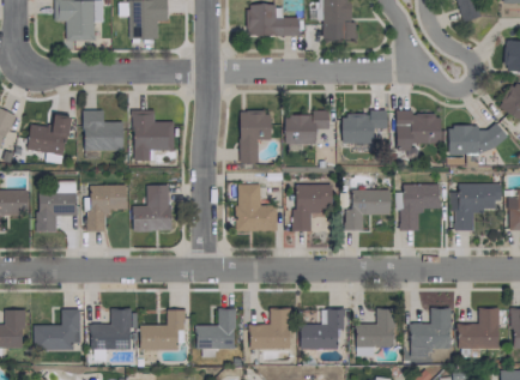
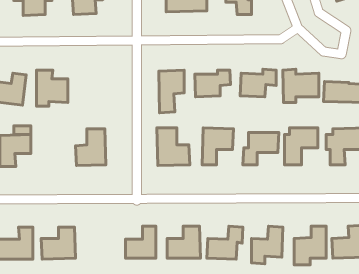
building: [133,110,175,161] -> none
building: [89,185,127,231] -> none
building: [140,309,183,350] -> none

